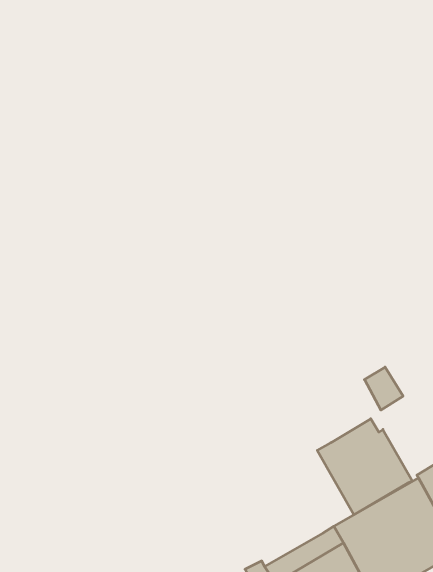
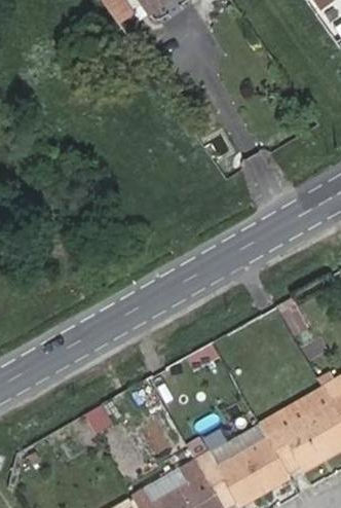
building: [317,419,413,515] -> none

